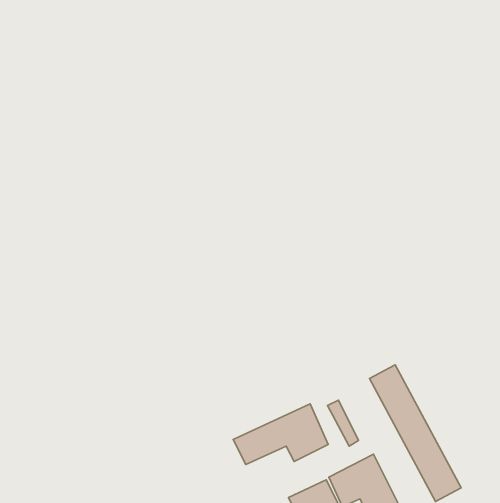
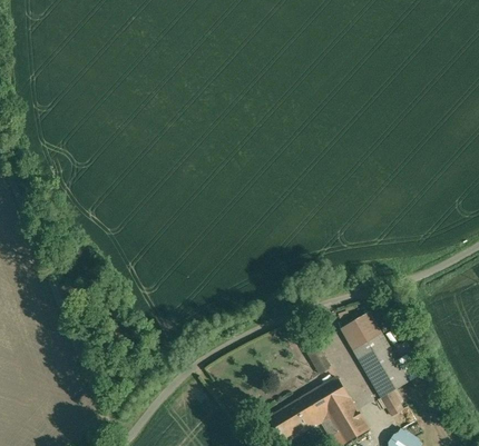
building: [233,404,328,465] -> none

